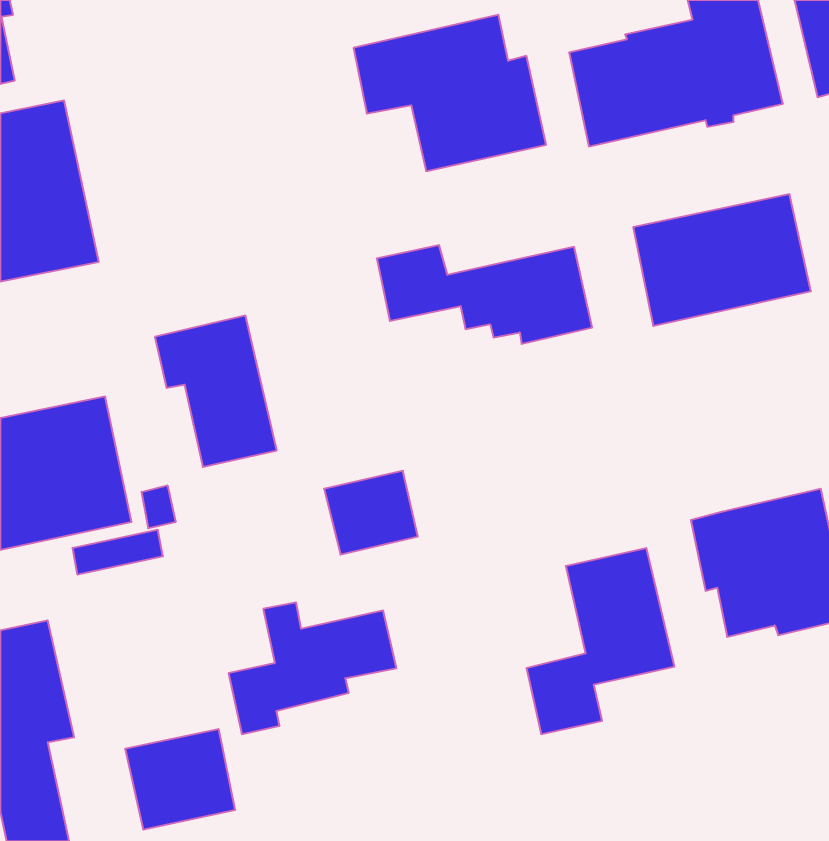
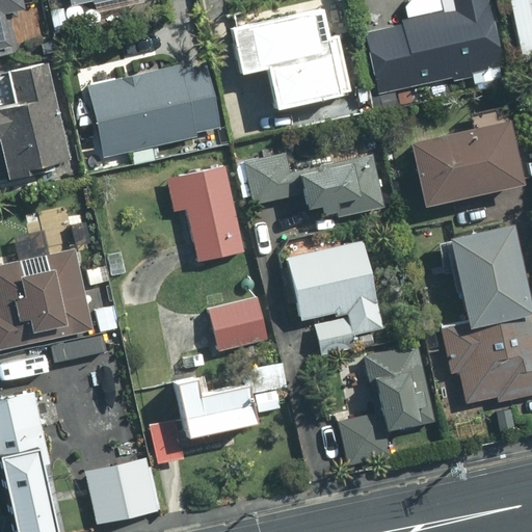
building: none -> [89,65,219,156]
building: [155,316,277,467] -> [171,165,248,261]
building: none -> [446,227,526,323]
building: none -> [288,243,383,354]

